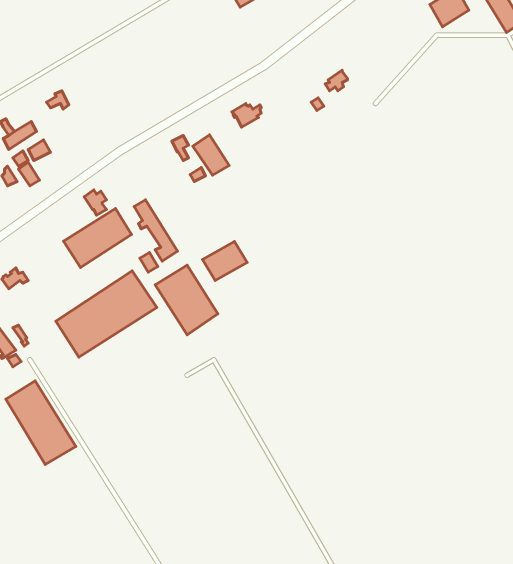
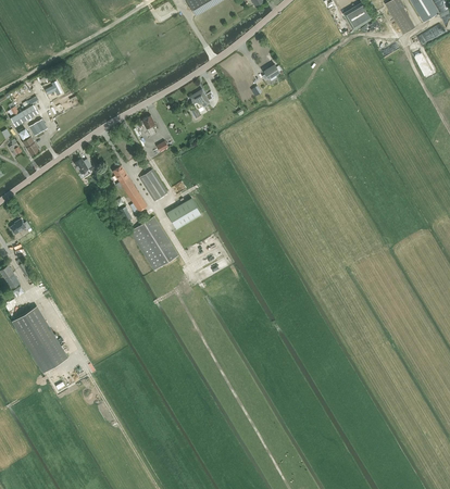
building: [193,135,229,175] -> [139,168,167,200]
building: [63,209,132,268] -> none
building: [56,271,157,357] -> none

